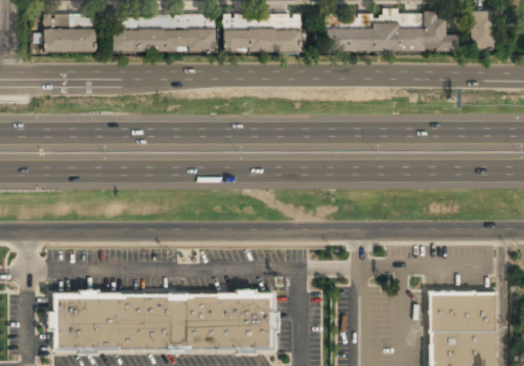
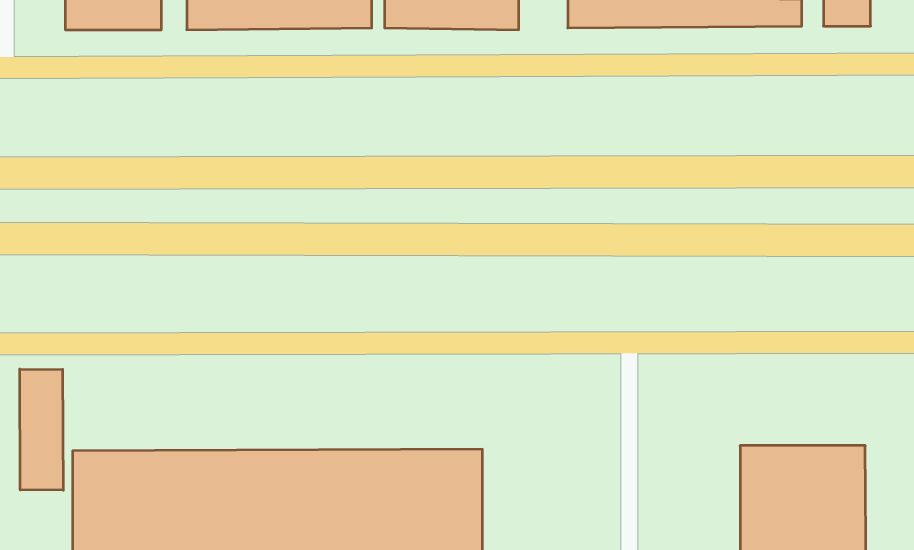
building: none -> [20,369,63,490]

